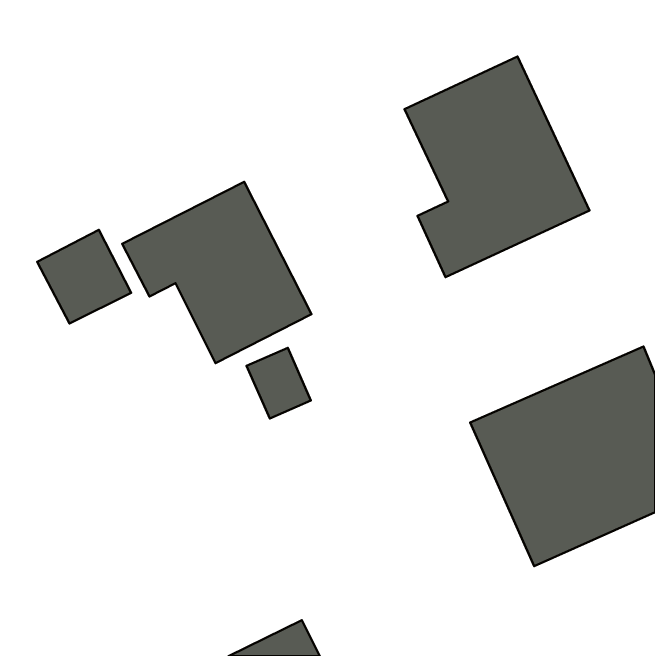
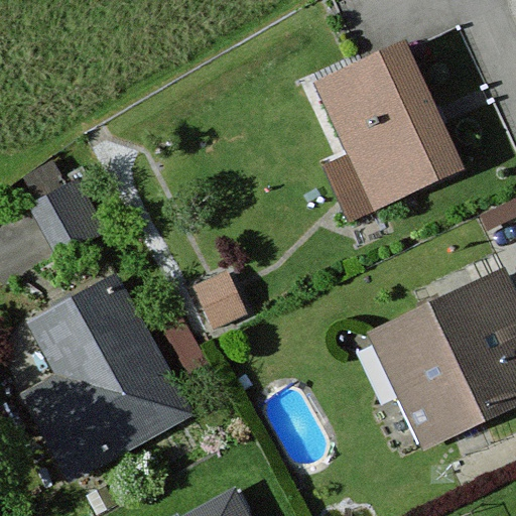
building: [122,182,312,363] -> none
building: none -> [22,279,185,476]

